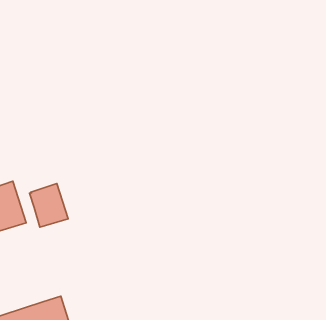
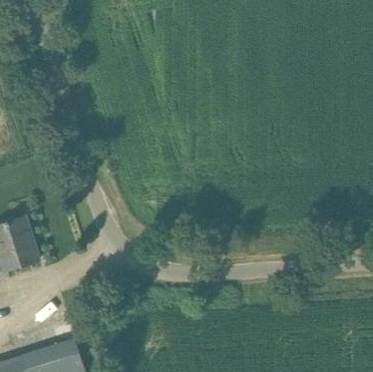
building: [30,183,68,227] -> none

